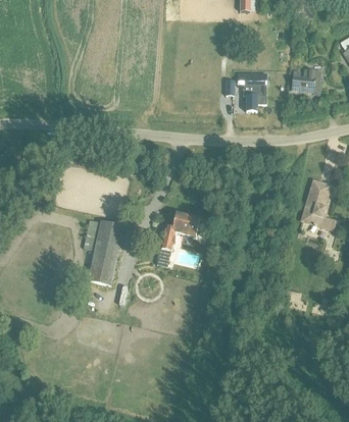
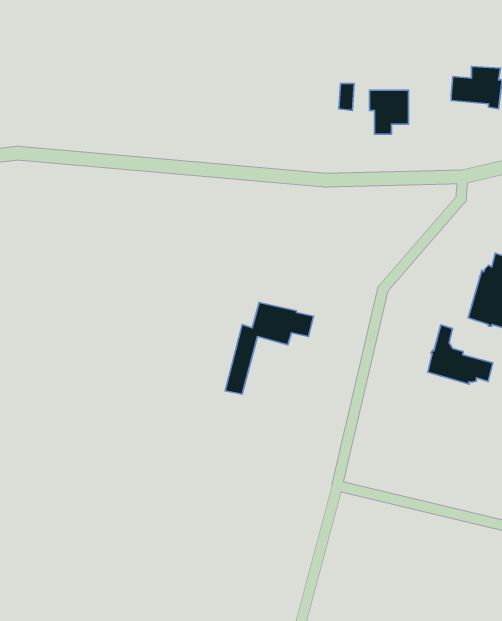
building: [87,220,123,285] -> none
building: none -> [428,325,493,384]

